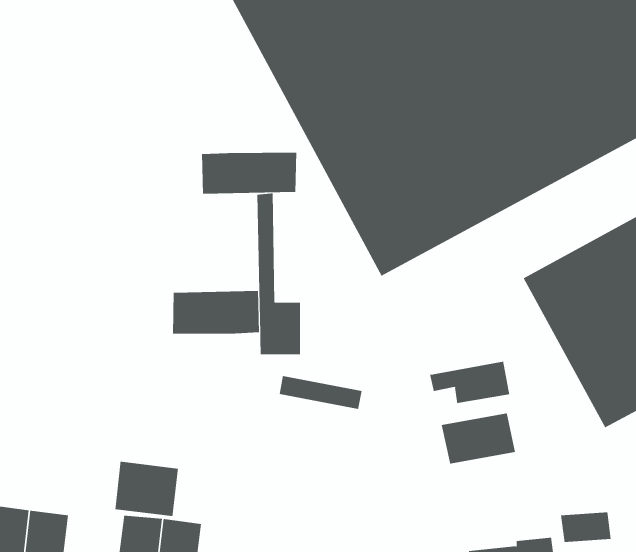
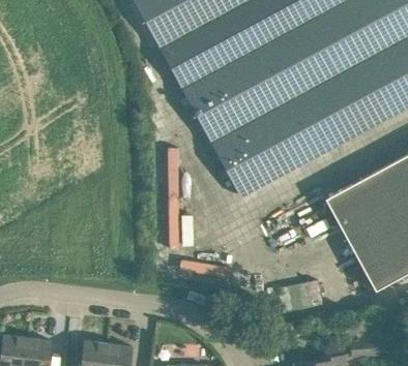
building: [201,152,297,194] -> none
building: [172,290,259,335] -> none
building: [430,361,510,404] -> none
building: [115,461,178,517] -> none

